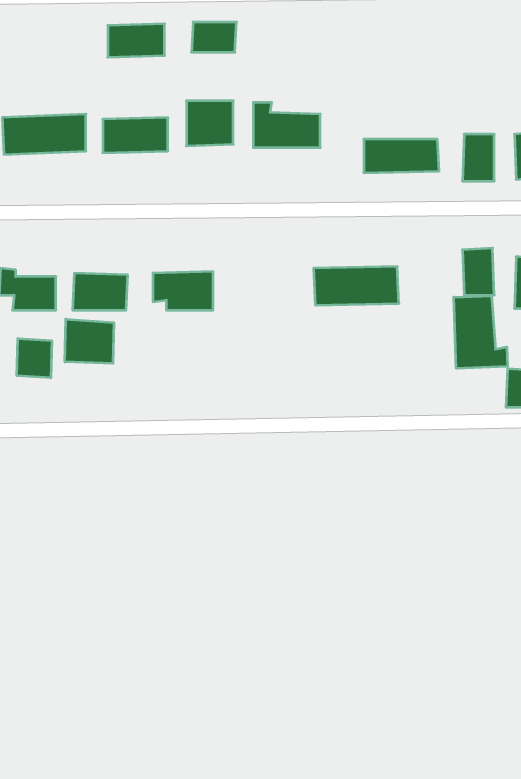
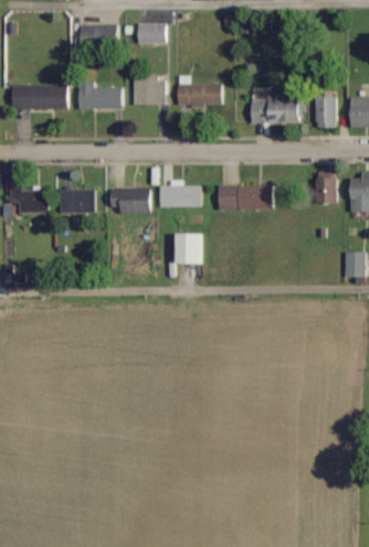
building: none -> [158,180,200,207]
building: [454,296,507,368] -> none
building: [65,319,114,363] -> none
building: [17,338,52,378] -> none
building: none -> [176,233,201,264]

